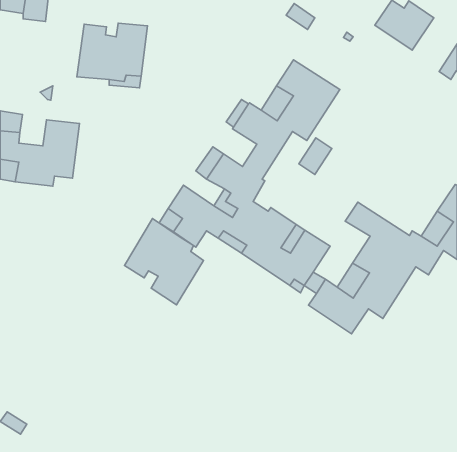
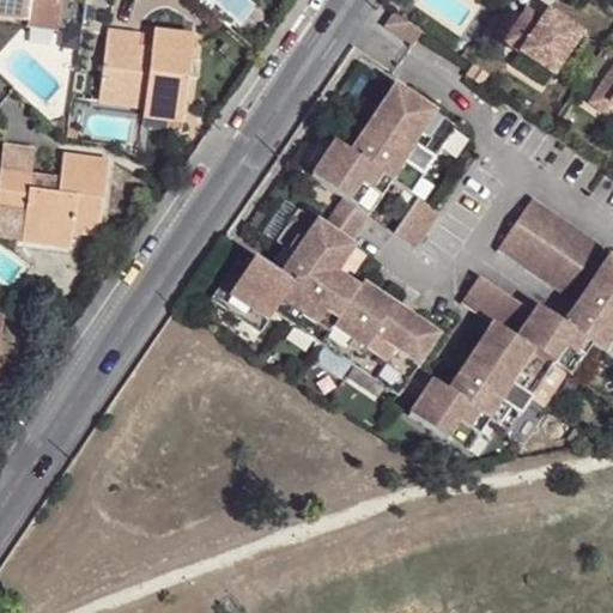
building: none -> [497,189,601,287]
building: [124,219,204,305] -> none

